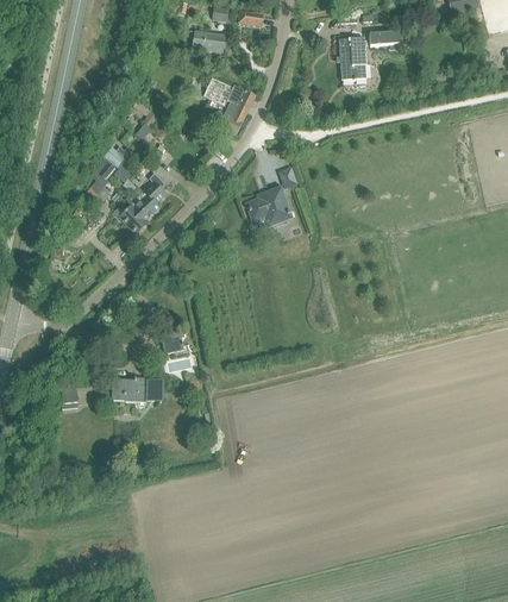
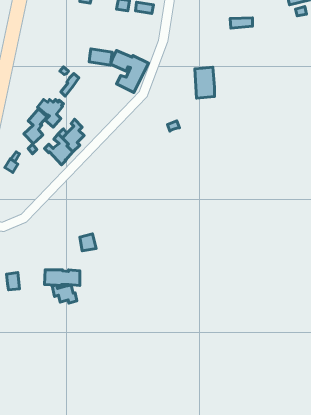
building: [193,30,225,52] -> [89,49,112,65]
building: [339,37,366,80] -> [195,67,215,98]
building: [246,188,289,227] -> none
building: none -> [52,285,77,303]

